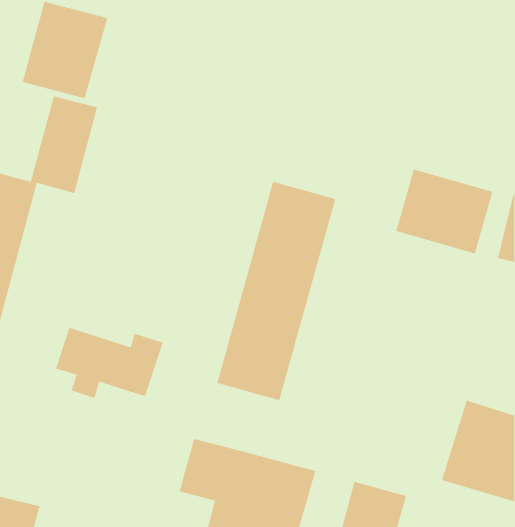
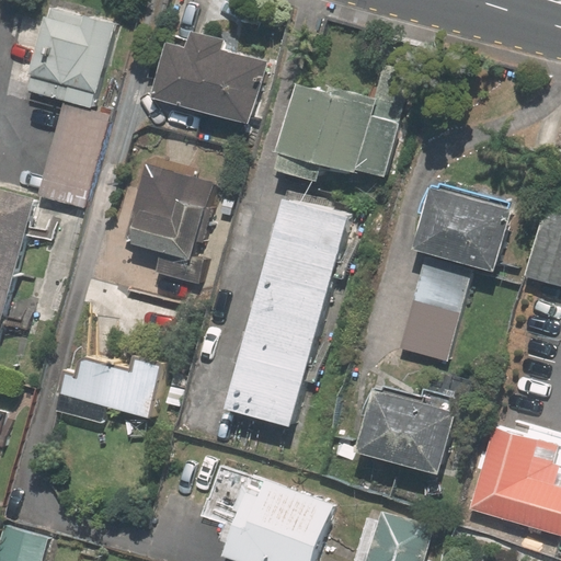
building: none -> [150,30,263,123]
building: none -> [279,66,411,178]
building: none -> [119,160,222,289]
building: none -> [391,259,465,365]
building: none -> [357,385,463,476]

